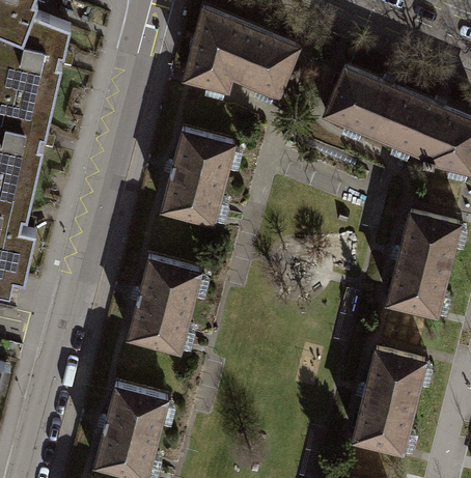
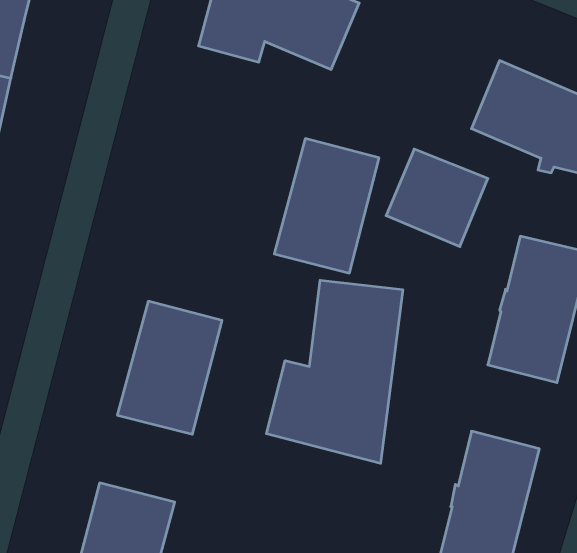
building: [325,68,396,137] -> [386,149,488,247]
building: [161,131,234,225] -> [274,139,379,273]
building: none -> [266,280,403,463]

